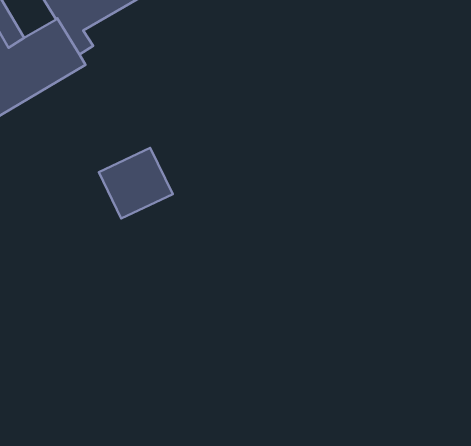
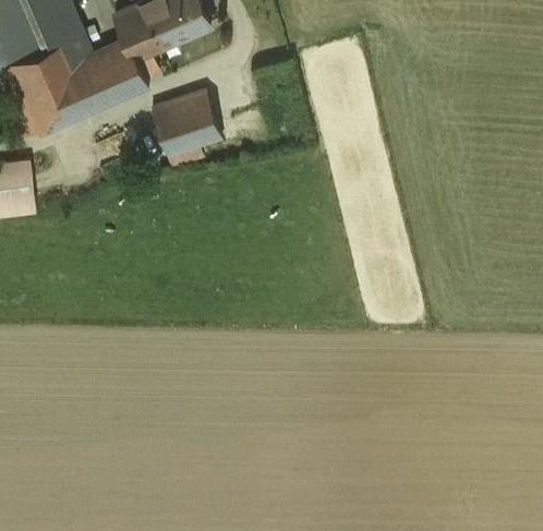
building: [99,148,173,218] -> [149,88,219,154]

